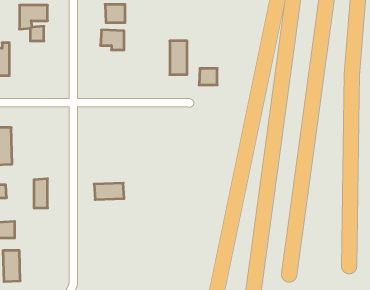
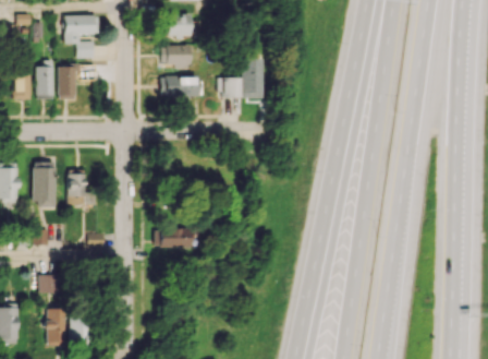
building: none -> [59,64,76,99]
building: none -> [162,75,200,97]
building: [199,68,217,85] -> [221,77,243,97]
building: [34,179,48,208] -> [69,169,85,204]
building: none -> [70,313,90,345]

